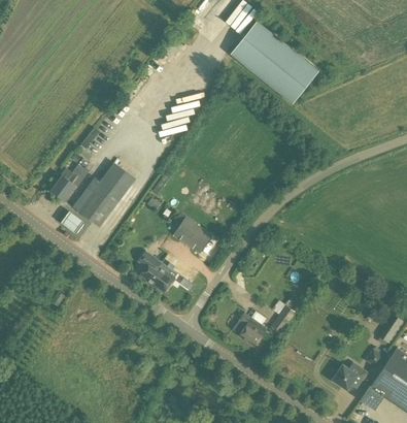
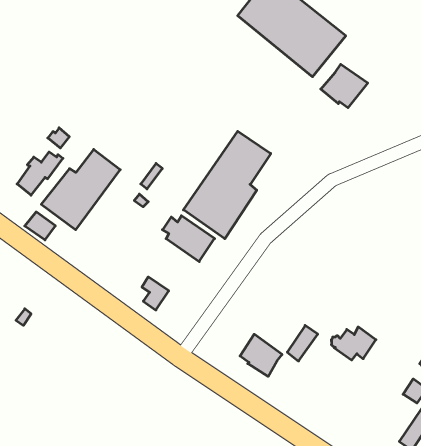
building: none -> [321,64,368,108]
building: none -> [183,131,271,239]
building: [138,251,162,285] -> none
building: [331,362,367,389] -> [331,327,376,360]

